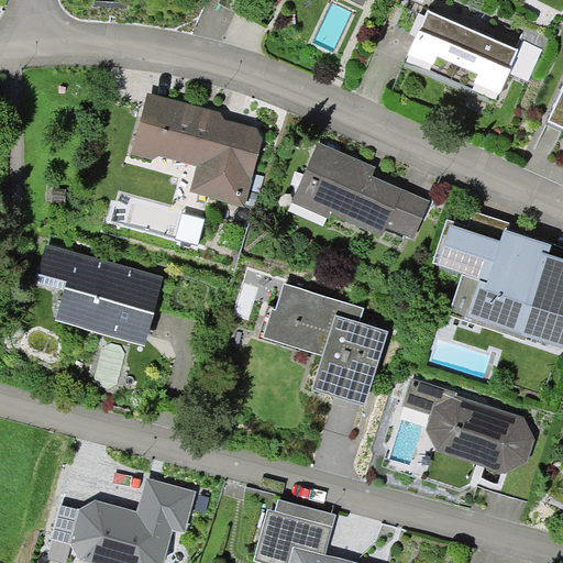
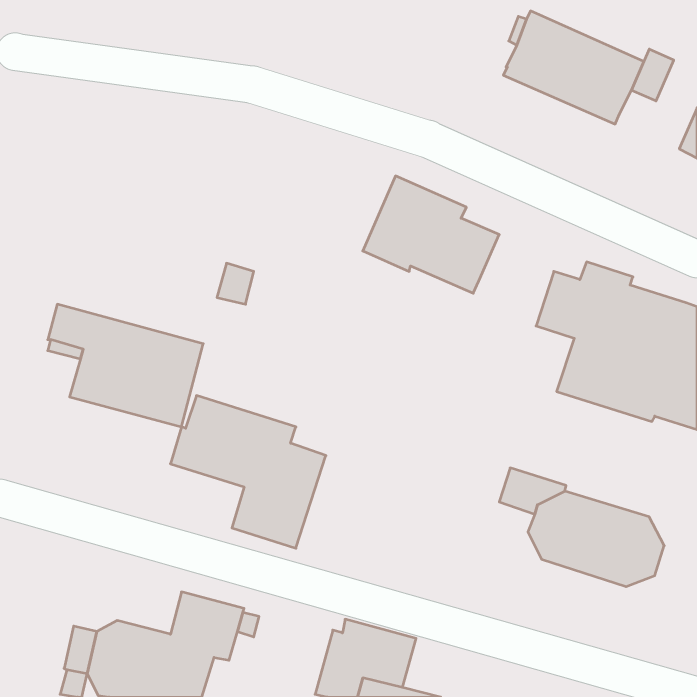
building: [131,92,265,206] -> none
building: [386,189,430,239] -> none
building: [263,283,388,406] -> [170,396,326,548]

